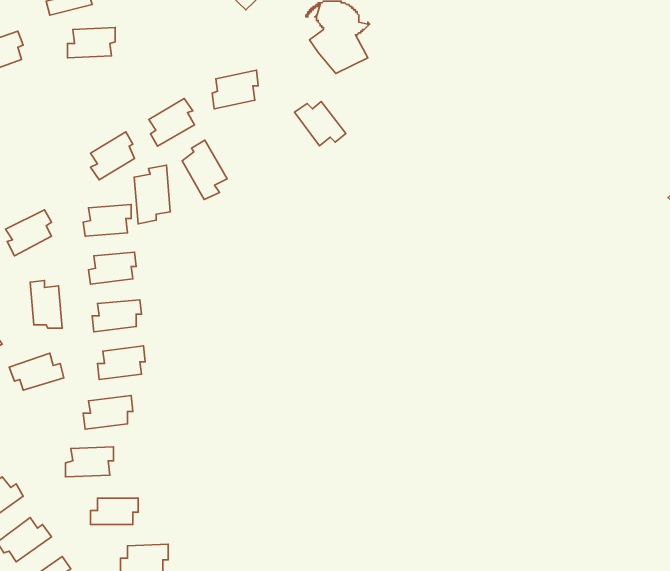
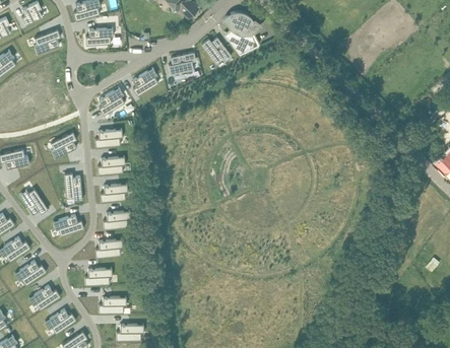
building: [295,102,346,146] -> [201,37,231,62]
building: [182,140,227,200] -> none
building: [134,165,170,224] -> none

